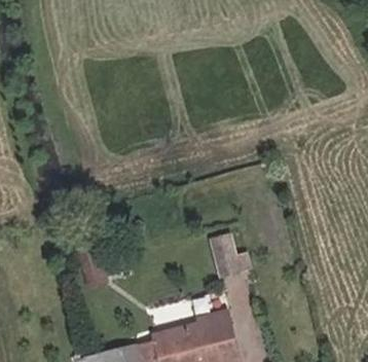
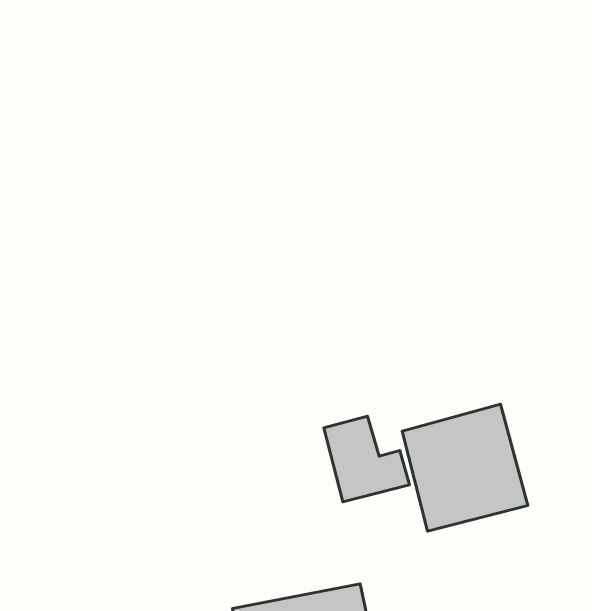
building: none -> [402,404,528,531]

